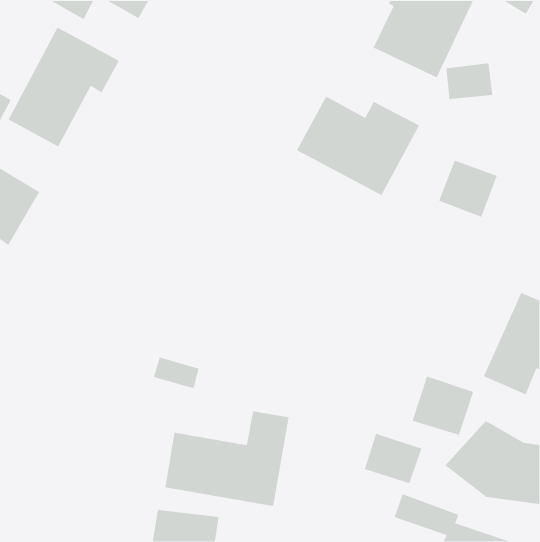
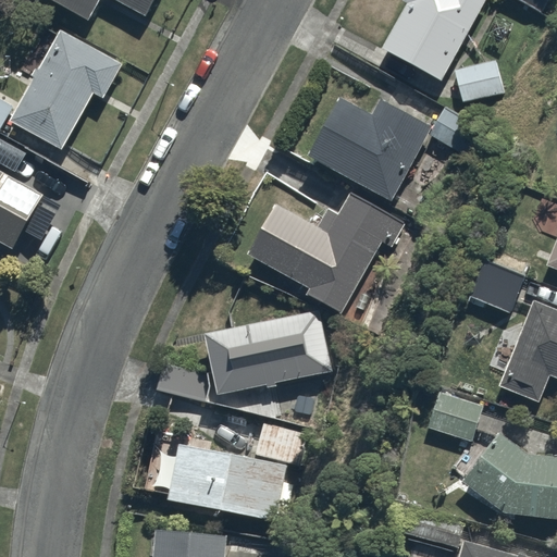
building: [438,160,498,218] -> [469,257,530,317]
building: none -> [243,190,398,314]
building: none -> [203,310,336,425]
building: [364,433,422,484] -> none

